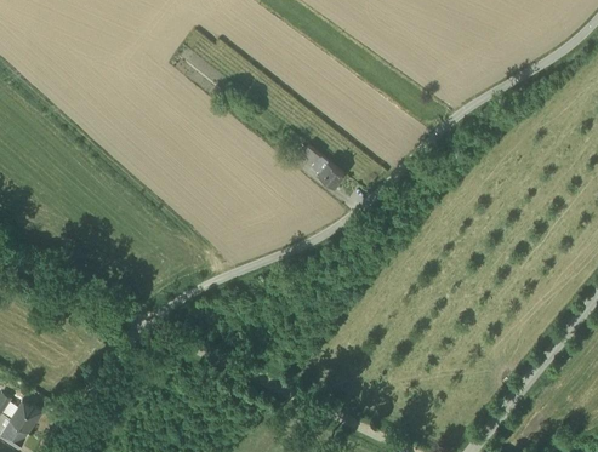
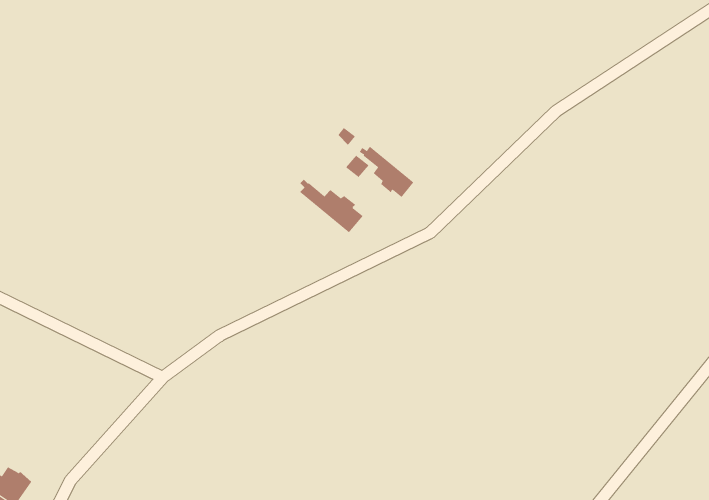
building: none -> [299,179,364,233]

